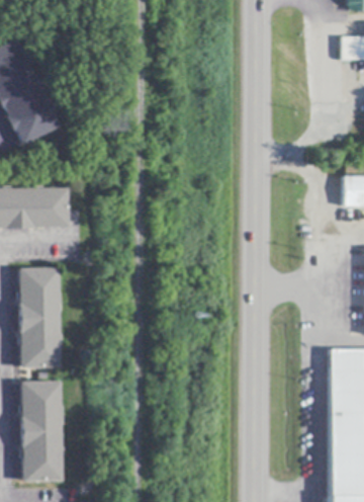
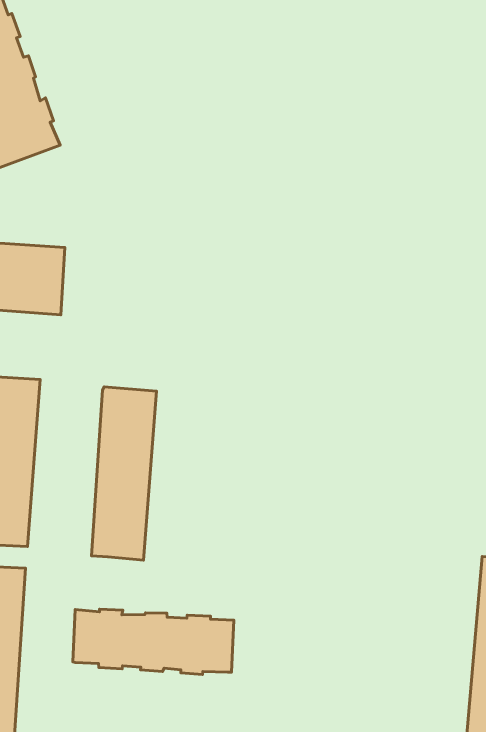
building: none -> [91,387,156,560]
building: none -> [73,609,234,674]

